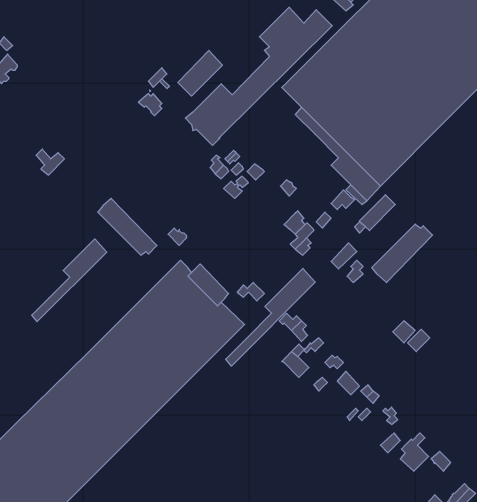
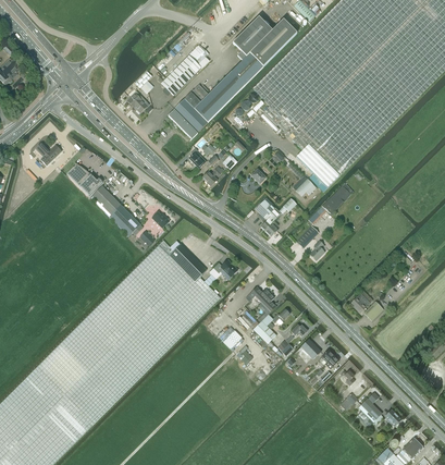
building: none -> [66,161,102,195]
building: [372,224,433,283] -> none
building: [32,239,107,322] -> none
building: [226,268,315,366] -> none

